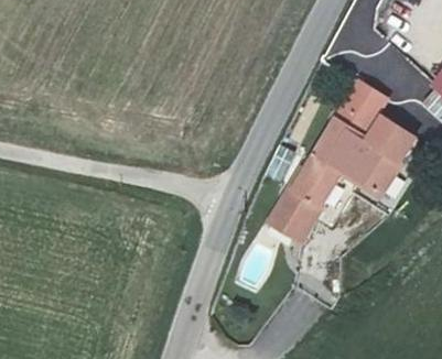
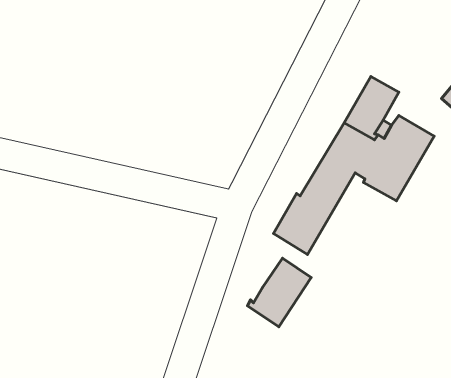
building: none -> [248,258,311,327]

